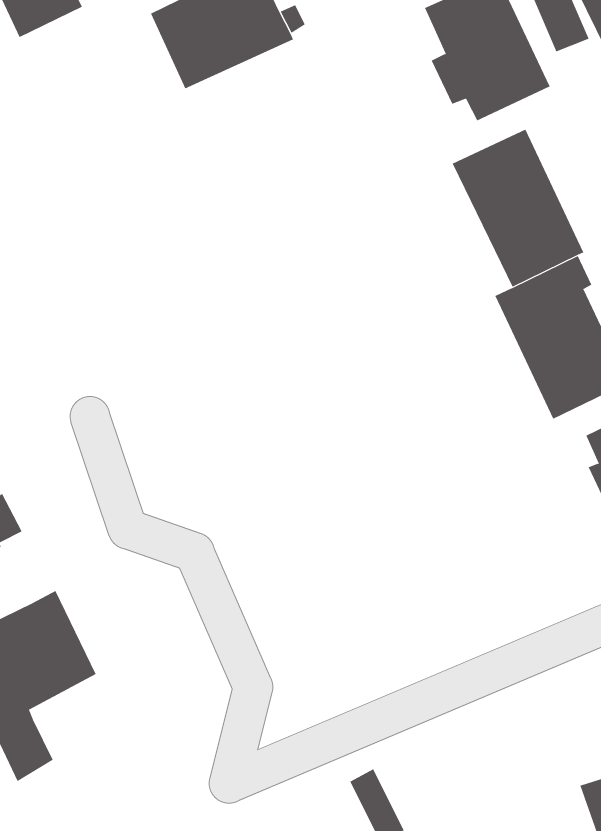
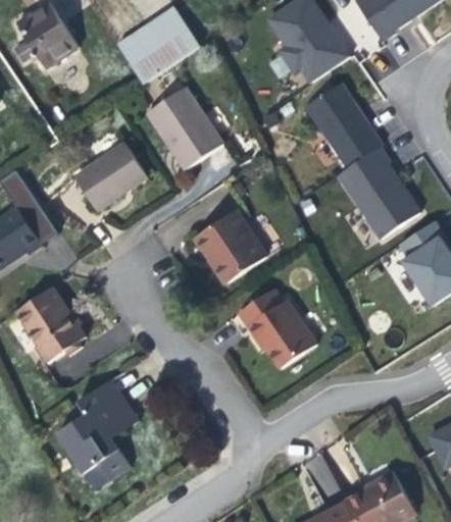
building: none -> [149,90,227,173]
building: none -> [76,148,150,214]
building: none -> [201,207,266,278]
building: none -> [237,288,313,366]

